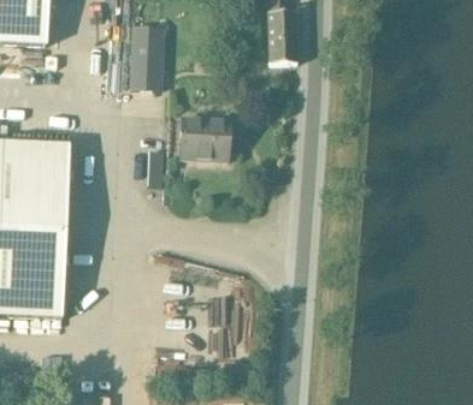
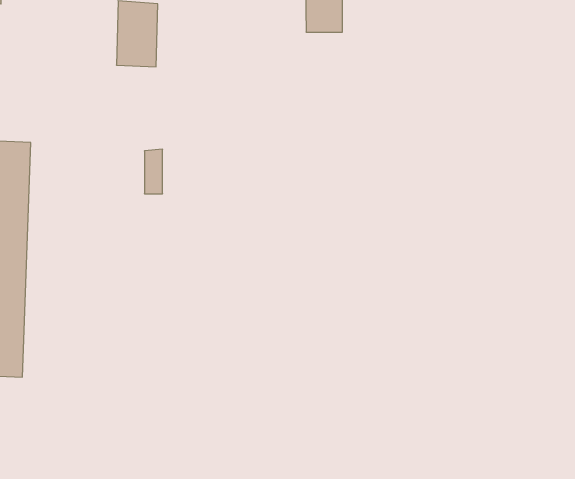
building: [179,117,229,160] -> none

